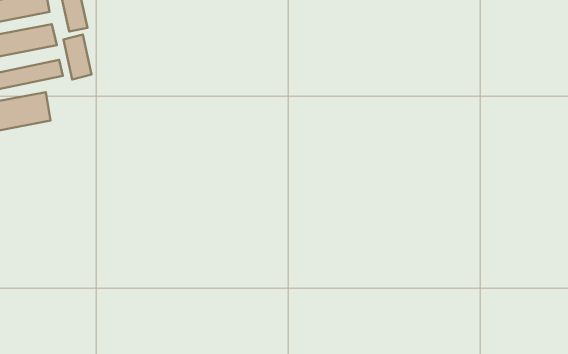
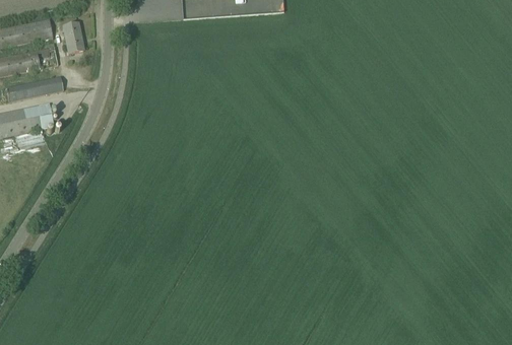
building: [63,35,92,79] -> none

